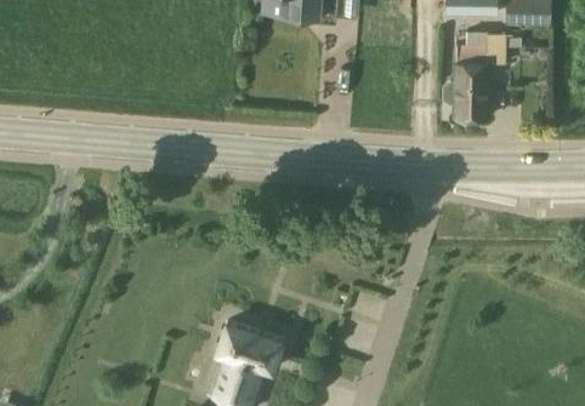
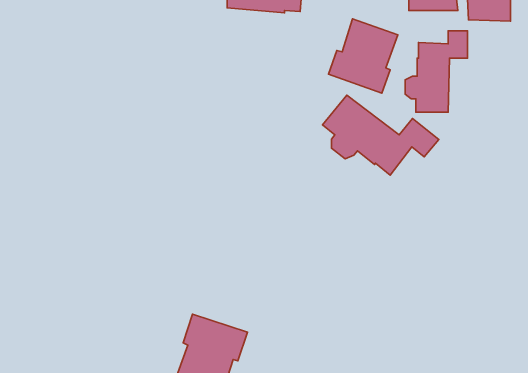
building: none -> [329,19,398,93]
building: none -> [322,95,439,175]

